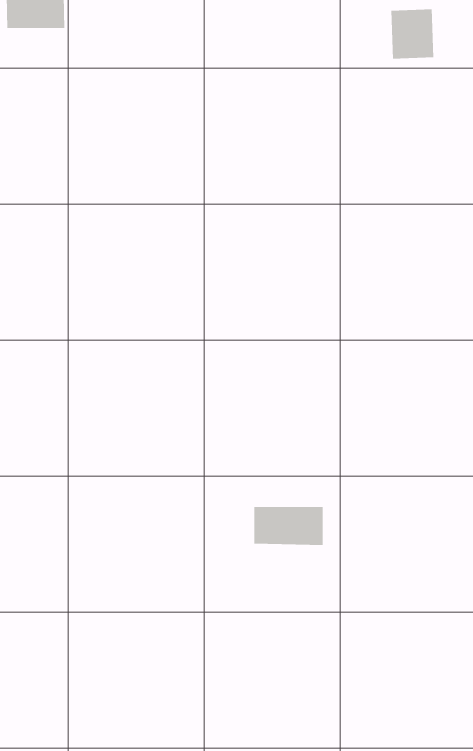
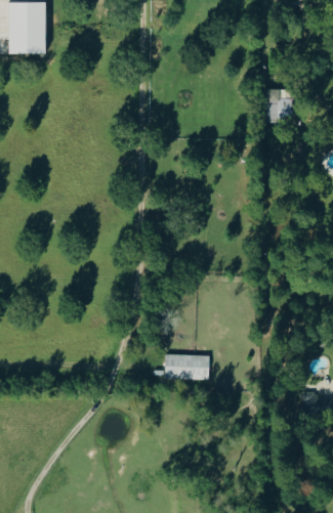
building: [390,9,434,59] -> [266,89,294,121]

